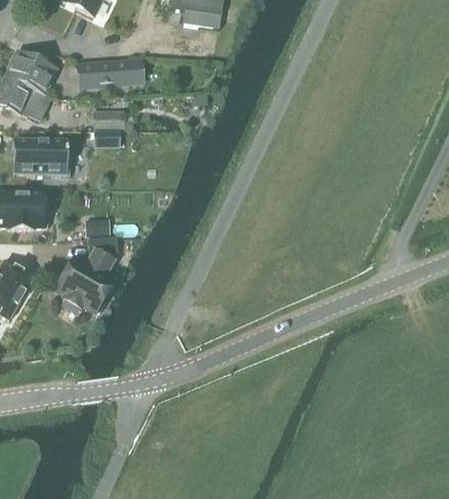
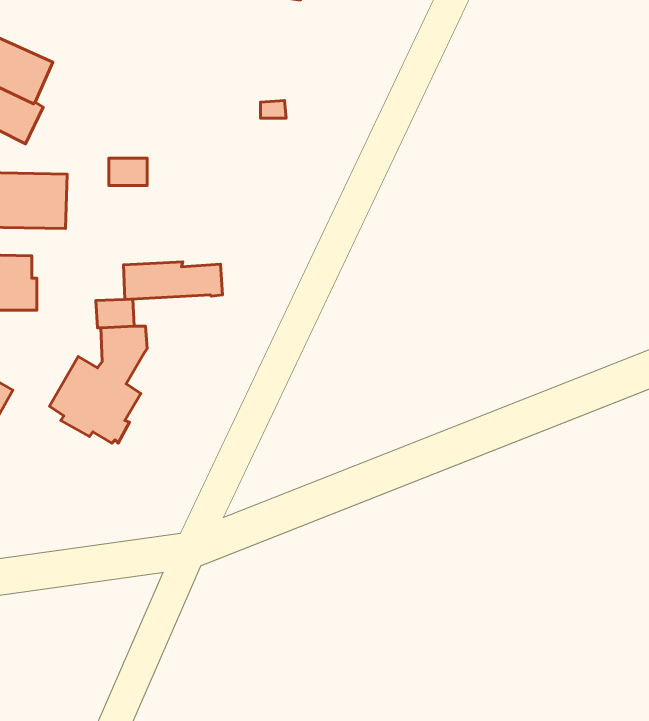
building: [77,57,142,87] -> none
building: [92,110,122,129] -> none
building: none -> [123,262,222,299]

